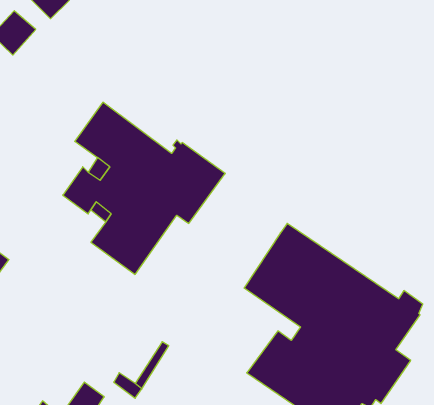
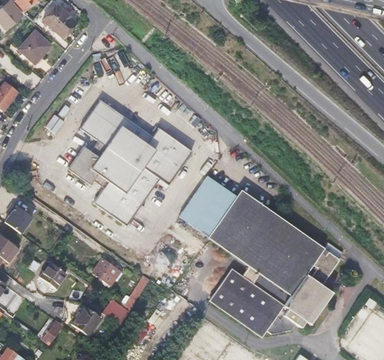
building: none -> [177,177,233,237]
building: none -> [92,259,120,288]
building: none -> [40,262,67,289]

